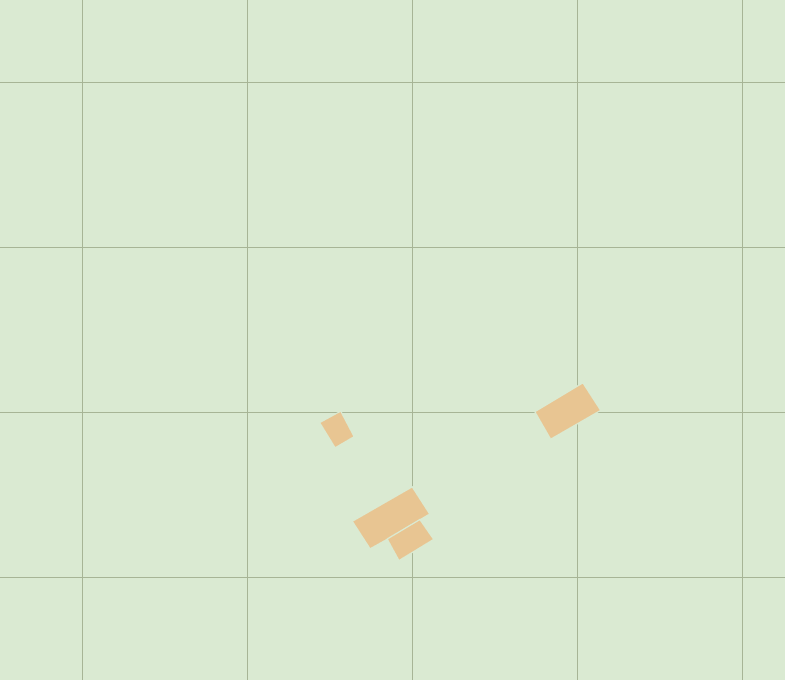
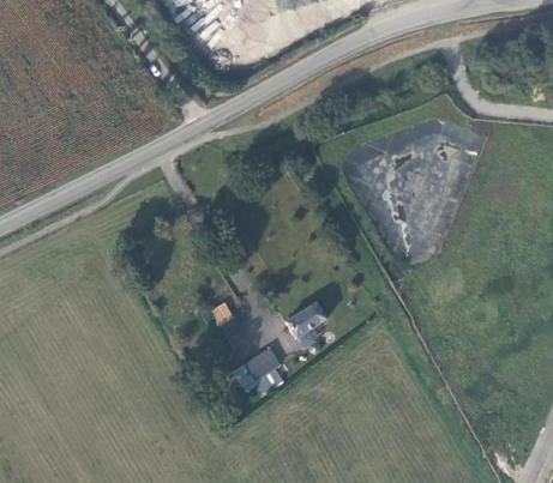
building: [535,383,601,439] -> [294,307,335,342]

